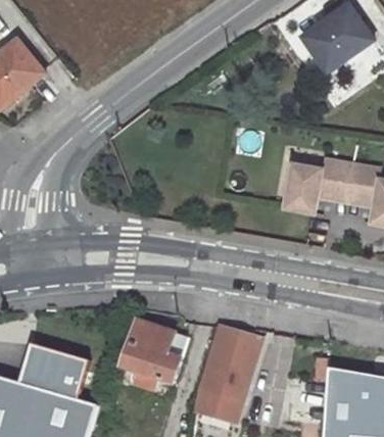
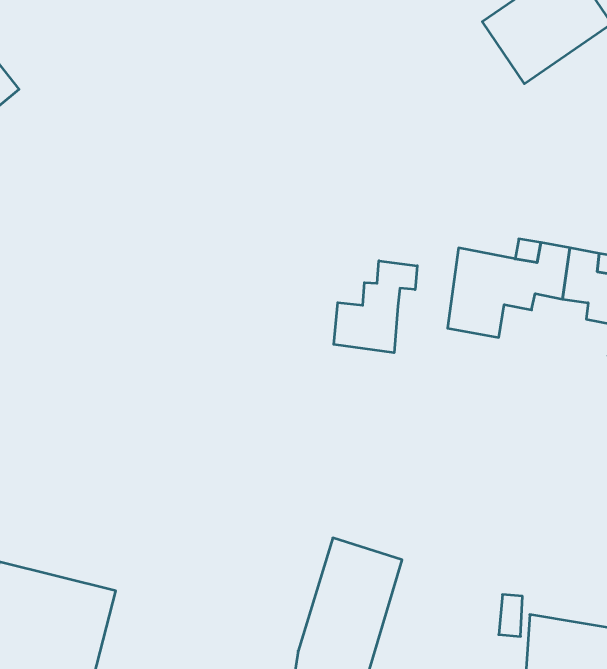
building: none -> [334,261,417,353]
building: [119,322,185,389] -> none

